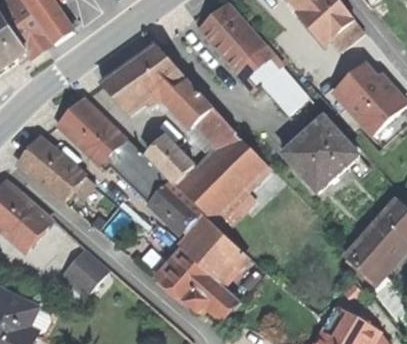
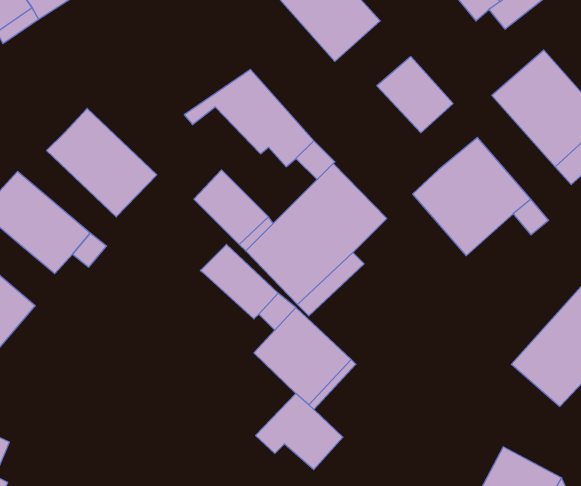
building: [101,44,183,113] -> none
building: [235,44,282,87] -> none
building: [100,137,169,203] -> none
building: [62,247,107,293] -> none
building: [158,249,211,303] -> none

